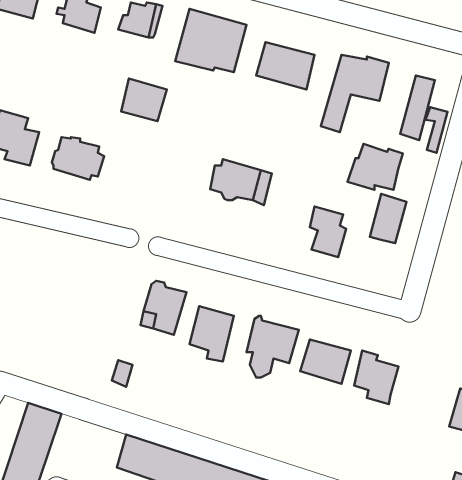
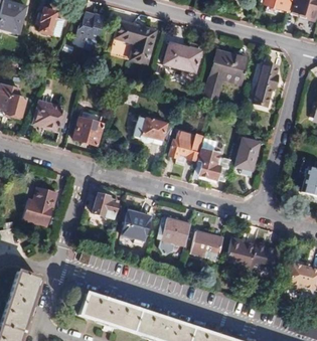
building: [121,78,167,121] -> [74,117,104,144]
building: [348,144,403,190] -> [169,130,204,159]
building: none -> [25,186,58,226]
building: none -> [250,244,277,272]

